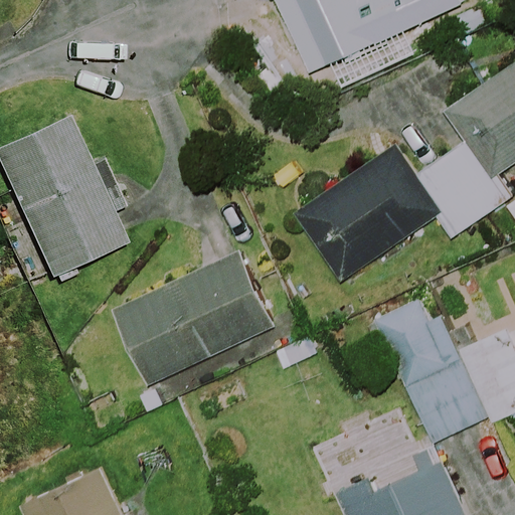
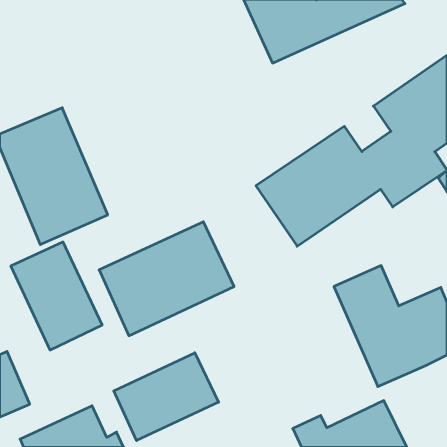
building: none -> [11,242,102,350]
building: none -> [114,353,219,441]

